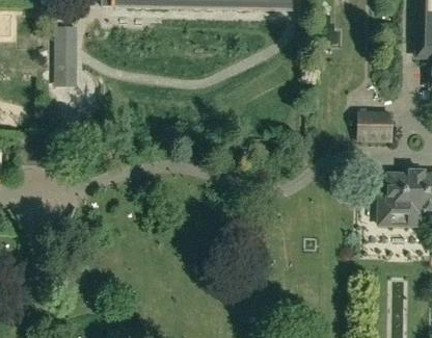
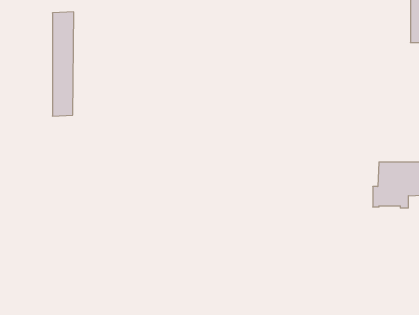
building: [359,112,392,137] -> none

